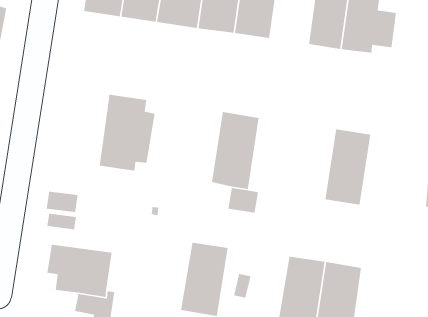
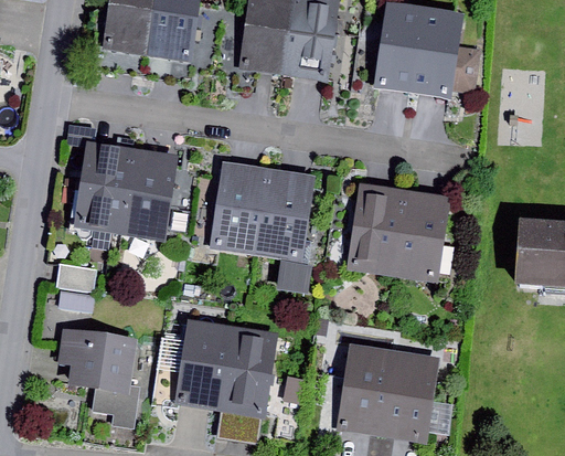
building: none -> [73,136,135,238]
building: none -> [209,160,269,254]
building: none -> [345,182,406,275]
building: none -> [149,318,233,409]

